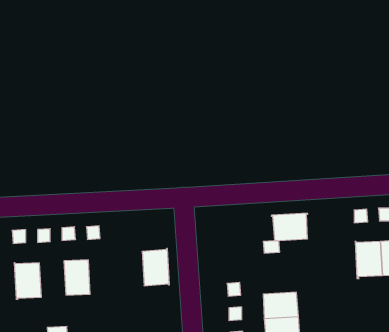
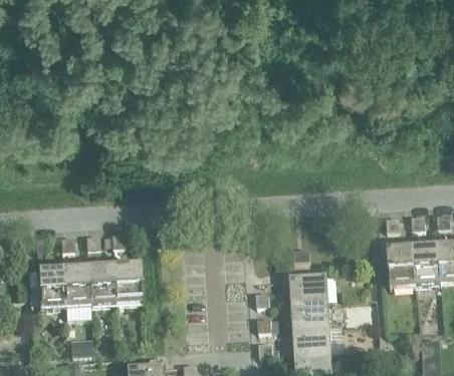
building: [271,213,308,241] -> [289,274,326,302]
building: [142,249,169,286] -> [112,264,141,302]
building: none -> [62,268,89,305]

